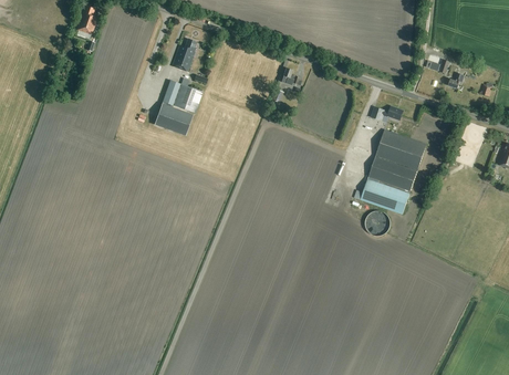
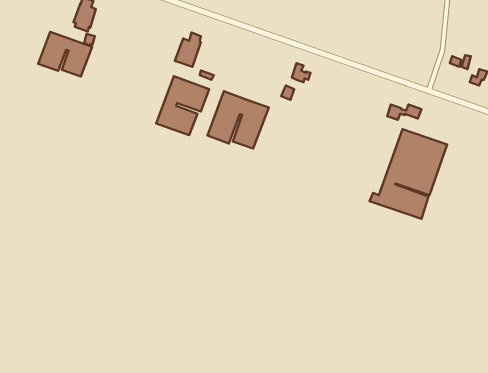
building: none -> [38,32,92,76]
building: none -> [207,91,269,149]

